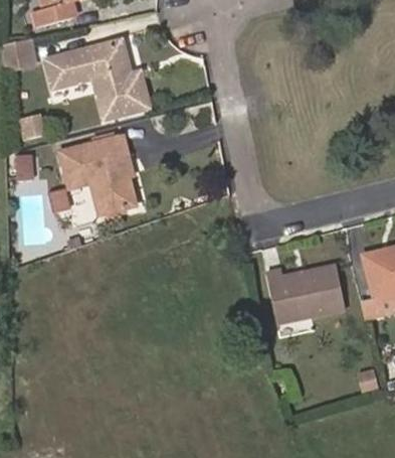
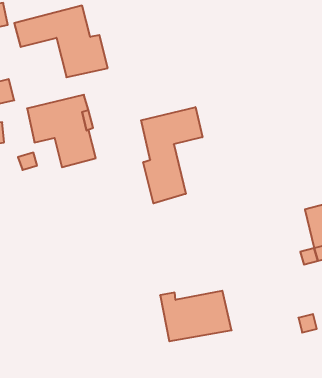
building: none -> [141,107,202,203]
building: [266,269,345,324] -> [160,291,232,341]

